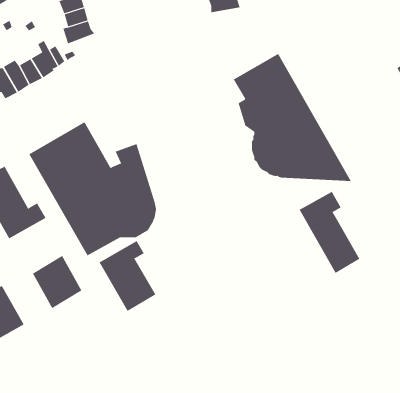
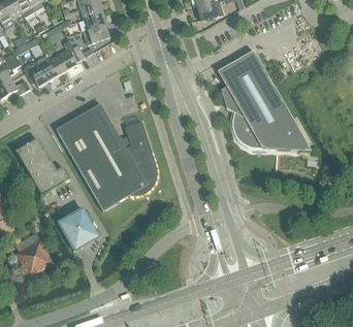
building: [299,190,360,274] -> none
building: [99,240,156,312] -> none

